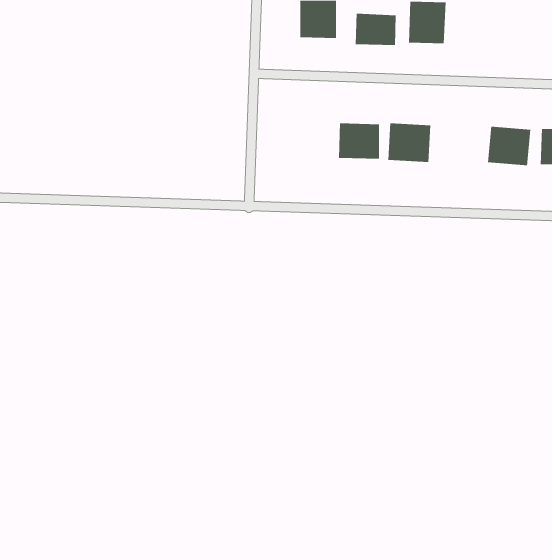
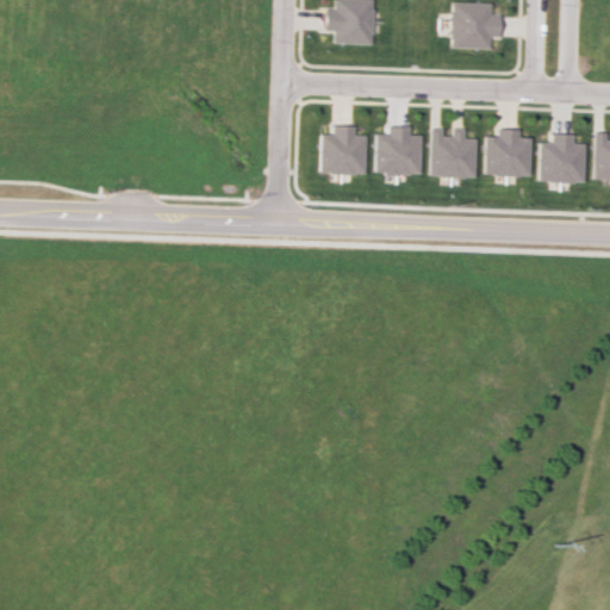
building: [355,13,396,46] -> none
building: none -> [323,133,368,174]
building: none -> [486,136,533,175]

